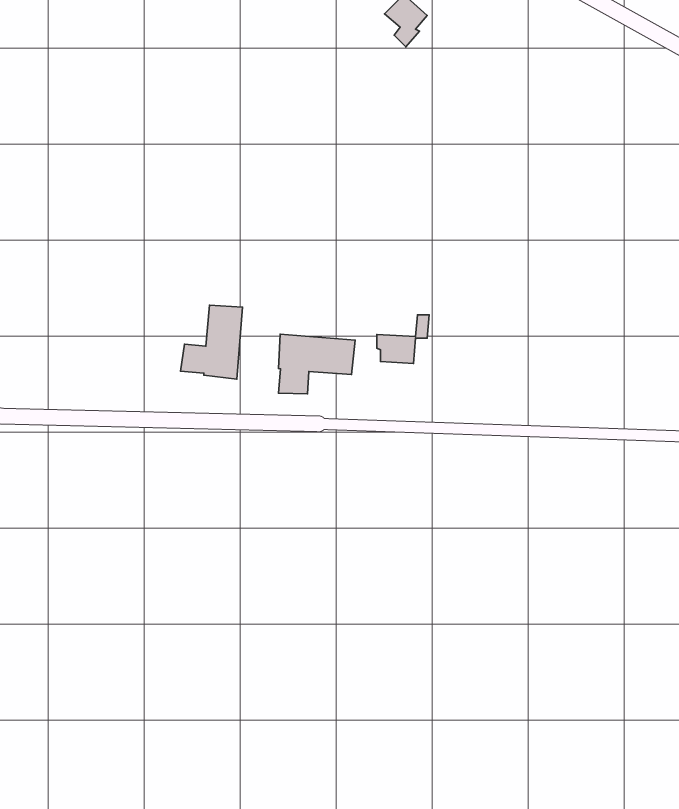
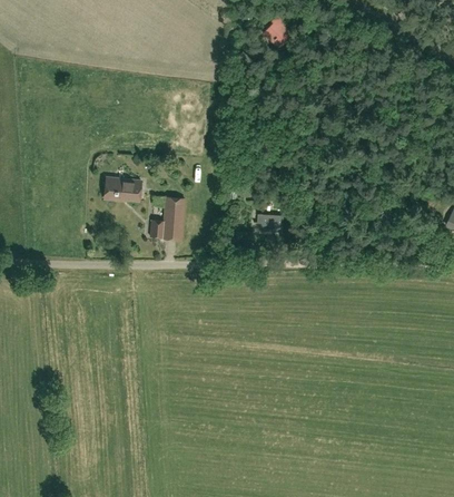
building: none -> [103,178,141,201]
building: [279,334,355,394] -> none

